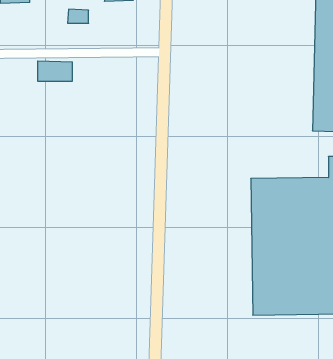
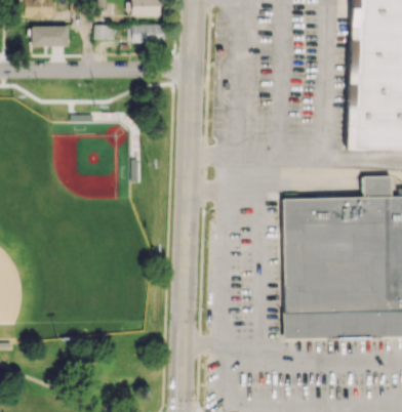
building: none -> [128,24,166,42]
building: [38,61,72,81] -> [33,25,69,45]

